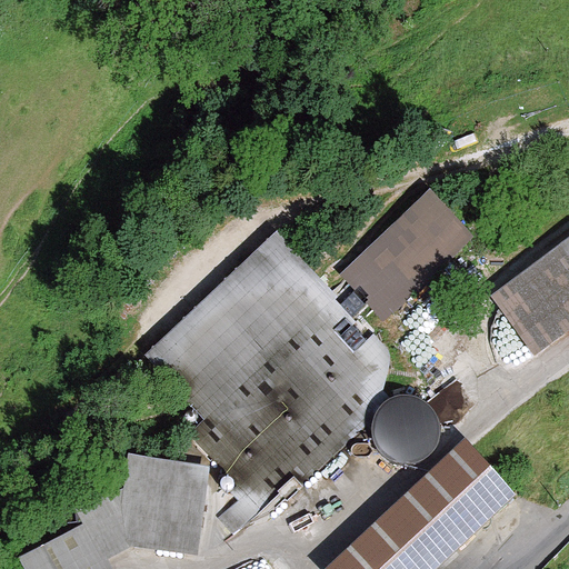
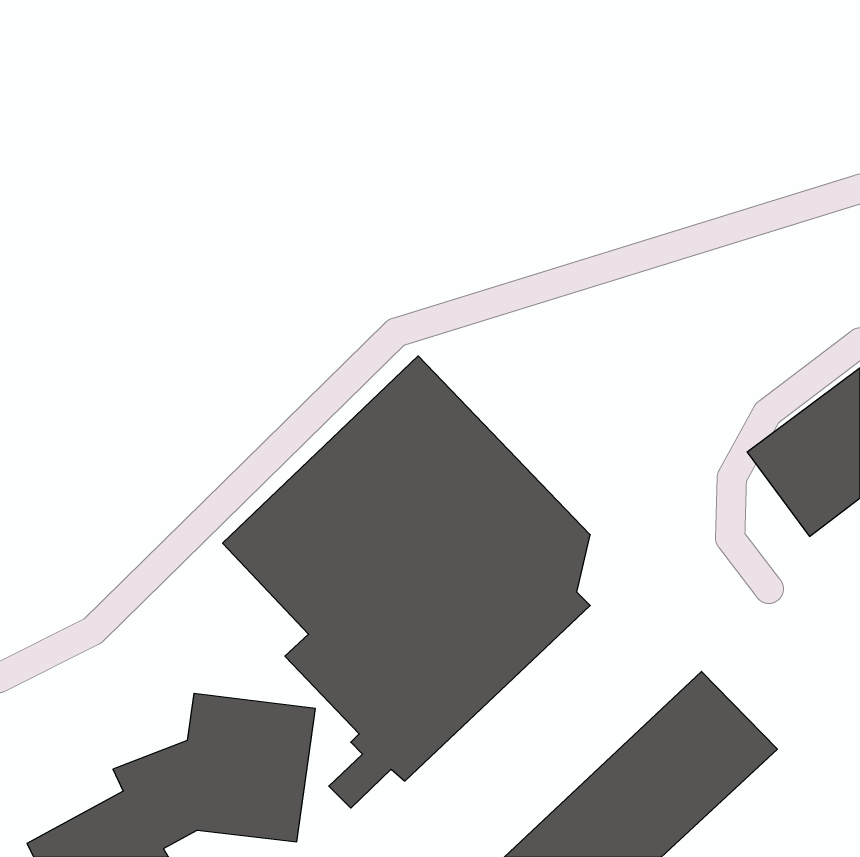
building: [340,188,472,319] -> none
building: [373,398,440,465] -> none

